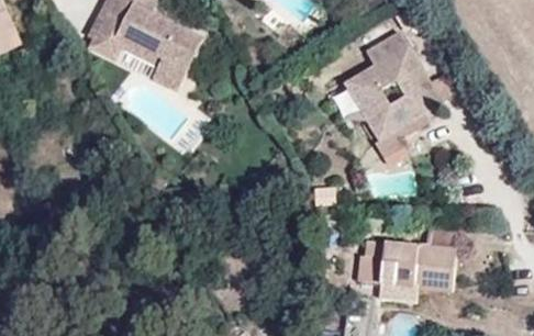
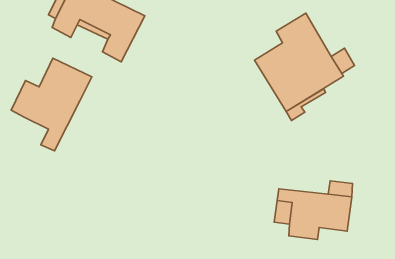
building: none -> [11,58,92,151]

